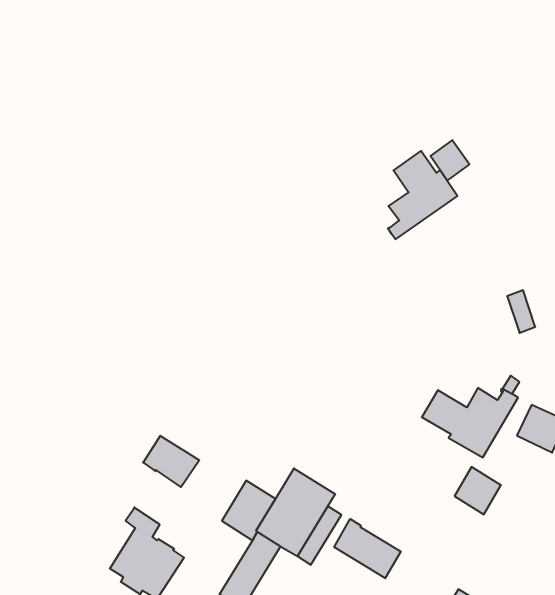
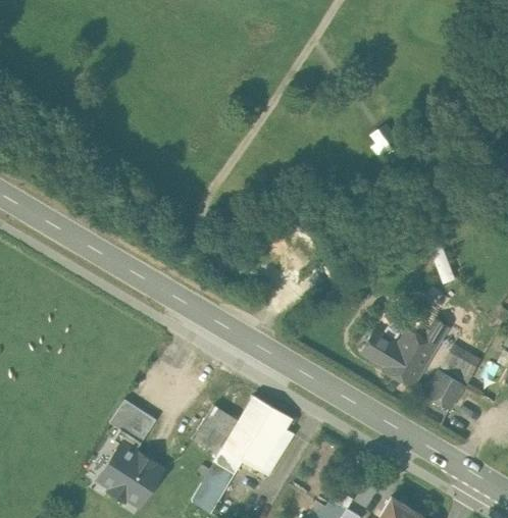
building: [388,151,457,239] -> none
building: [143,436,199,487] -> [110,400,157,443]
building: [455,467,501,514] -> [425,370,464,410]
building: [334,519,401,578] -> none

